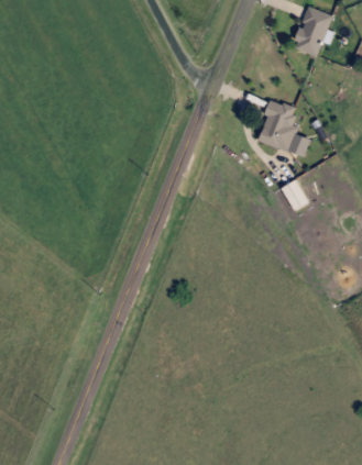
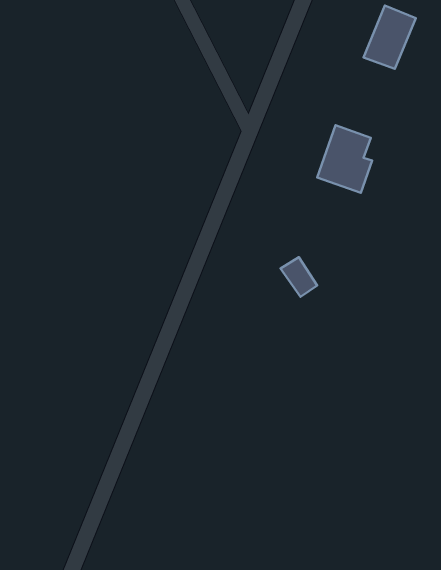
building: [279,179,308,210] -> [281,257,317,297]

